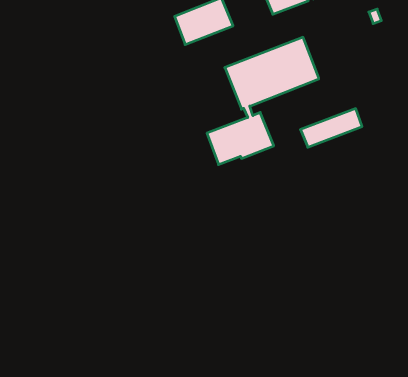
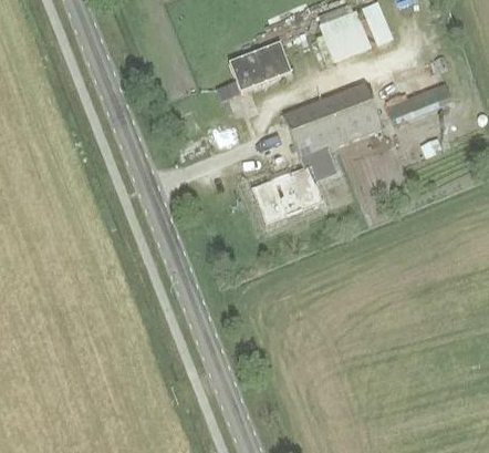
building: [300,109,362,147] -> [386,82,451,123]

